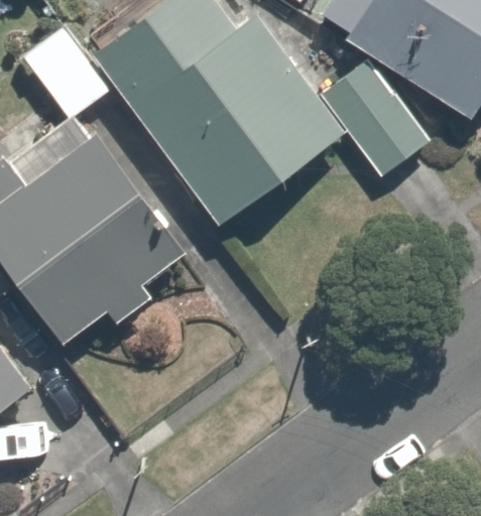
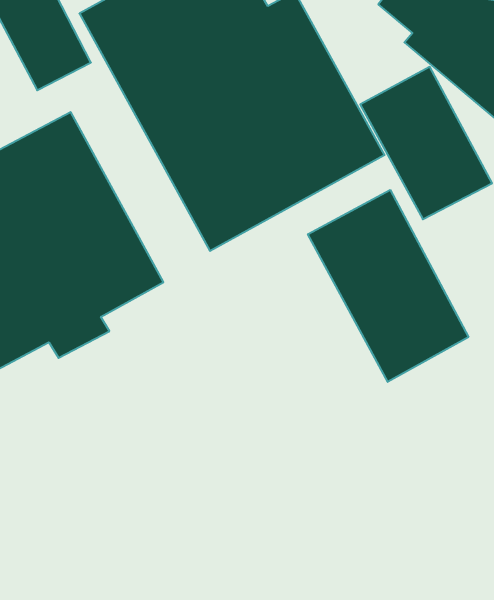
building: none -> [308,190,468,382]

